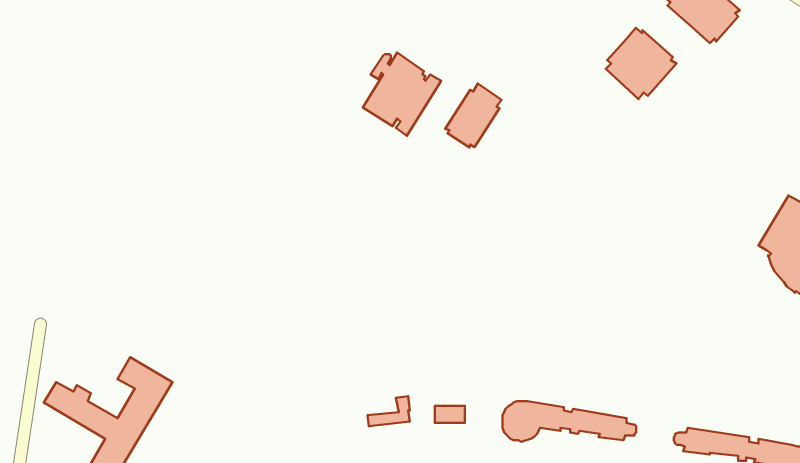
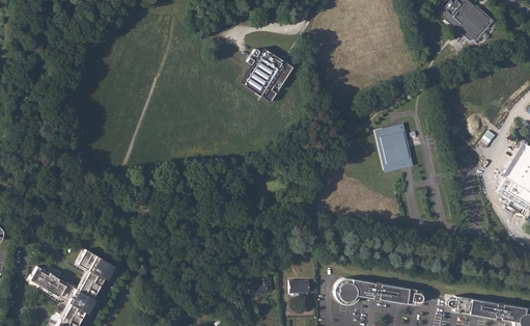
building: [606,28,677,99] -> none
building: [445,83,501,147] -> none
building: none -> [374,124,413,172]

